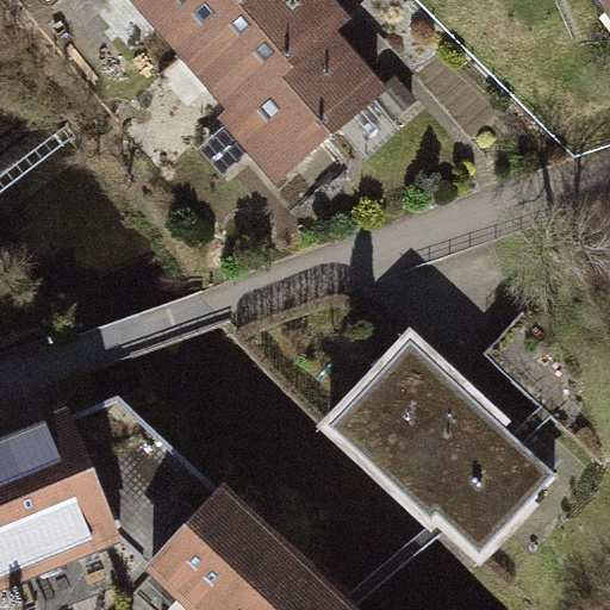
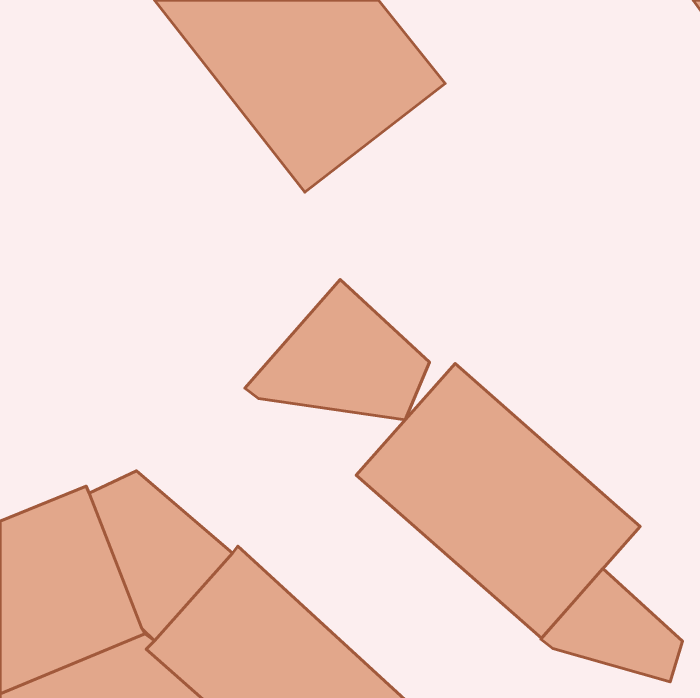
building: none -> [245,280,429,420]
building: none -> [541,569,682,682]

